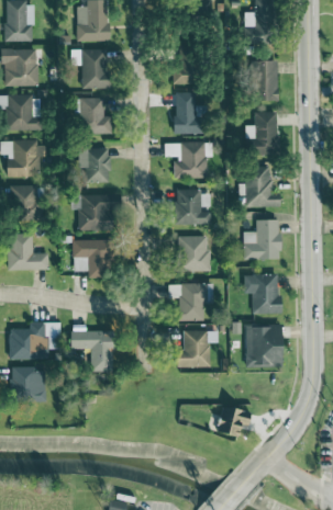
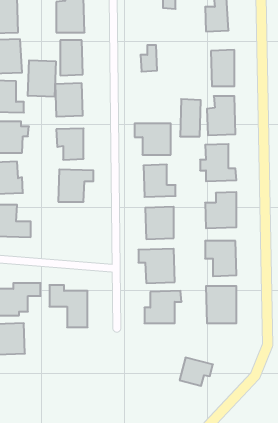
building: none -> [28,60,56,97]
building: [175,92,198,134] -> [180,99,201,136]
building: [74,240,108,276] -> none

